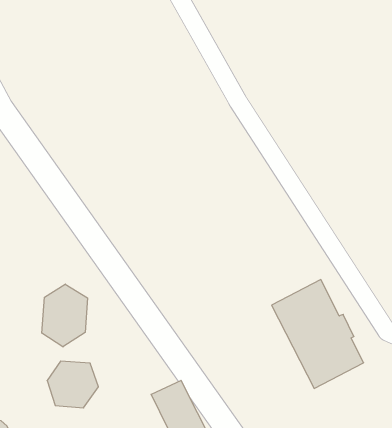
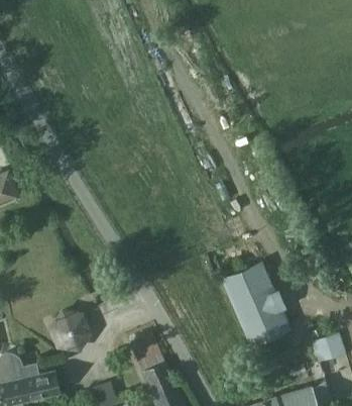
building: [42,284,88,347] -> none

